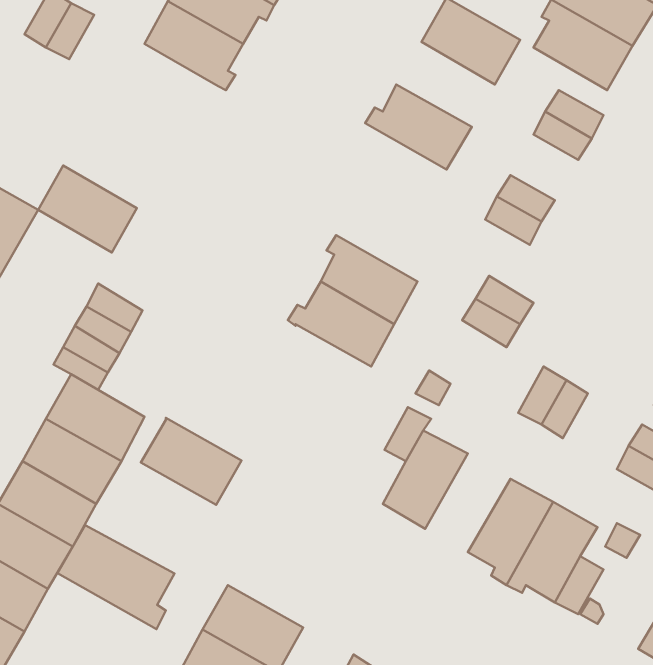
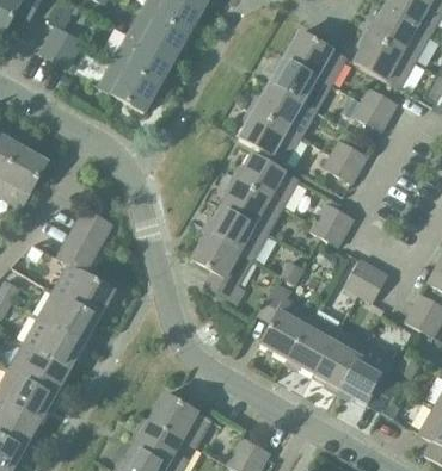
building: none -> [269,56,330,111]
building: none -> [239,109,300,165]
building: [38,166,137,253] -> [98,60,159,113]
building: none -> [232,154,297,206]
building: [141,418,241,505] -> [191,233,253,286]
building: none -> [284,312,339,373]
building: [57,525,174,629] -> none

